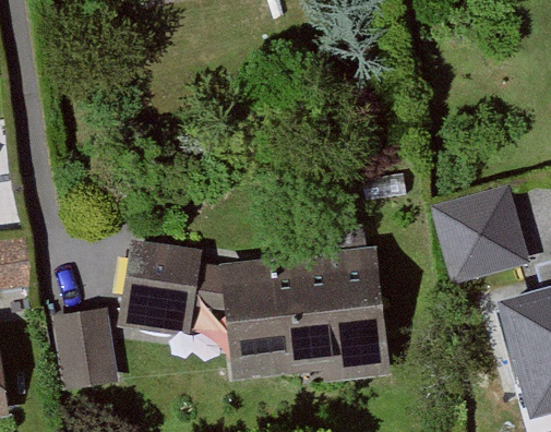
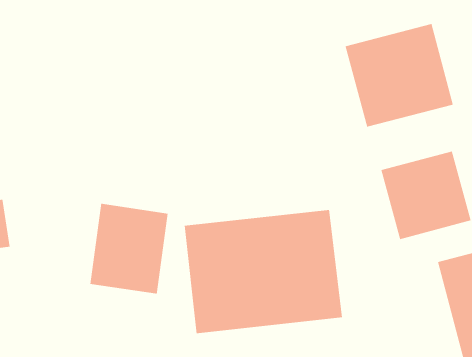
building: none -> [345,23,454,128]
building: [53,310,117,389] -> none

